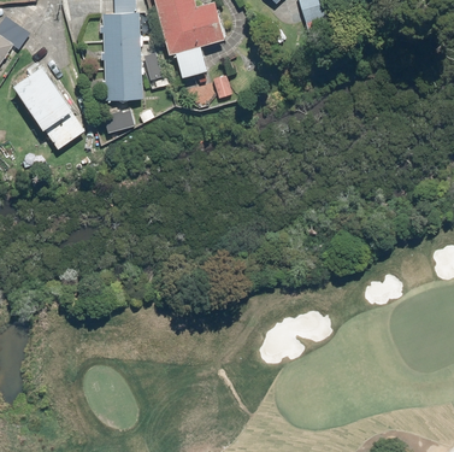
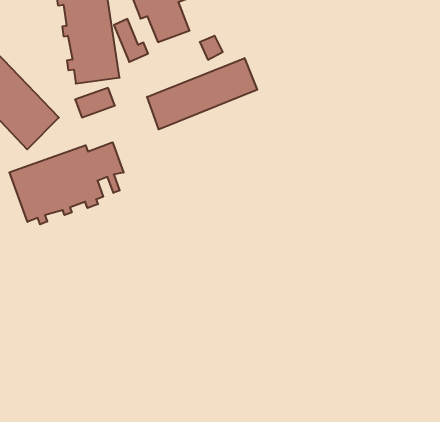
building: none -> [147,58,257,129]
building: none -> [9,142,124,224]

